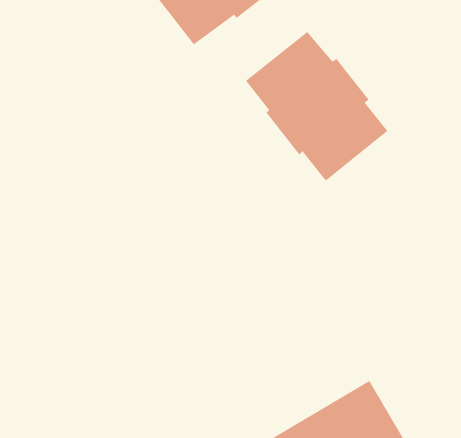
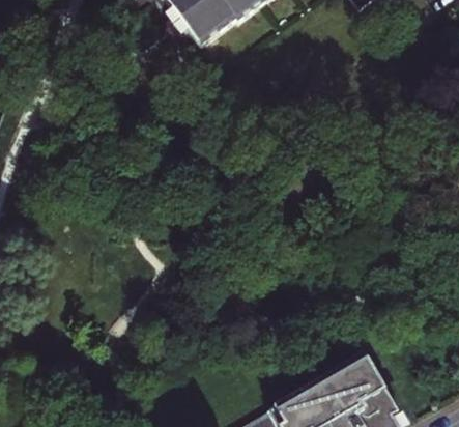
building: [245,31,388,181] -> none

